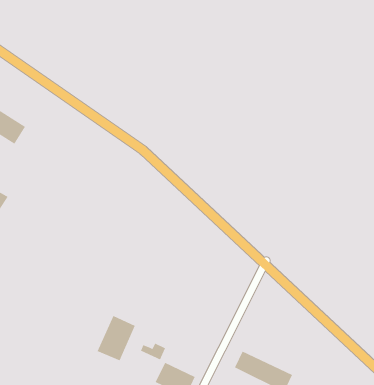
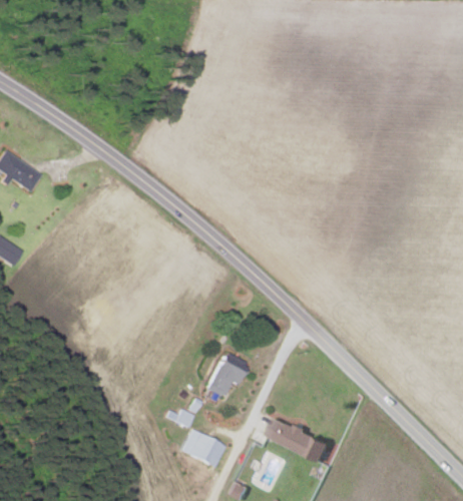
building: none -> [206,353,247,398]
building: [97,315,136,361] -> none

